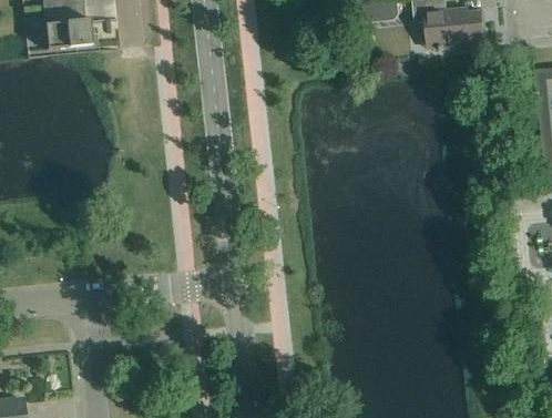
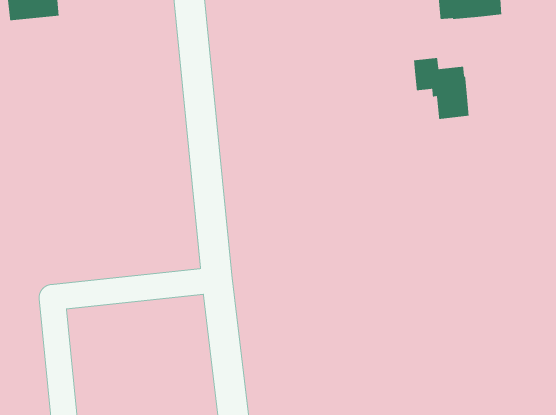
building: none -> [413,57,469,120]

